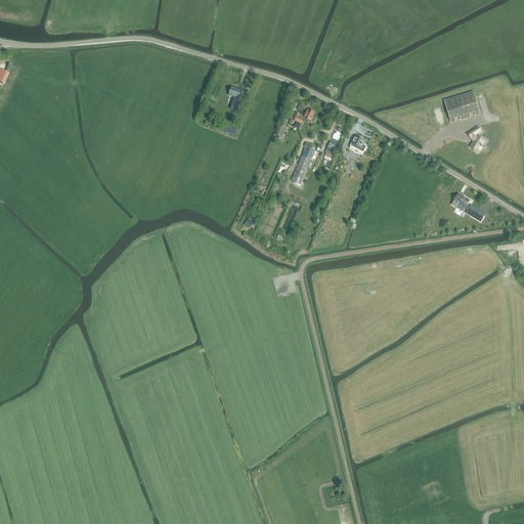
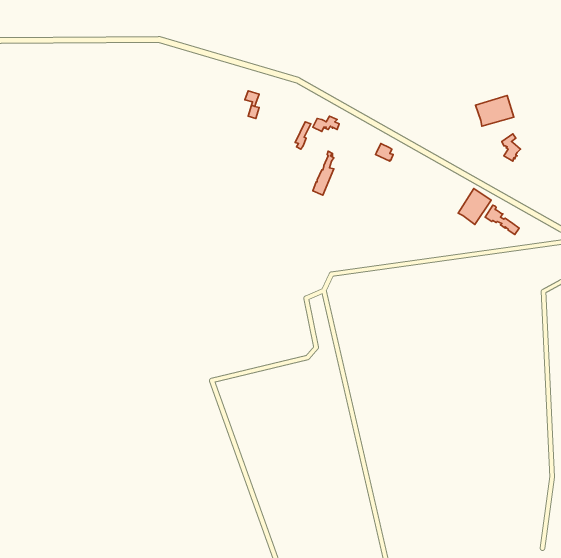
building: none -> [458,188,491,224]

